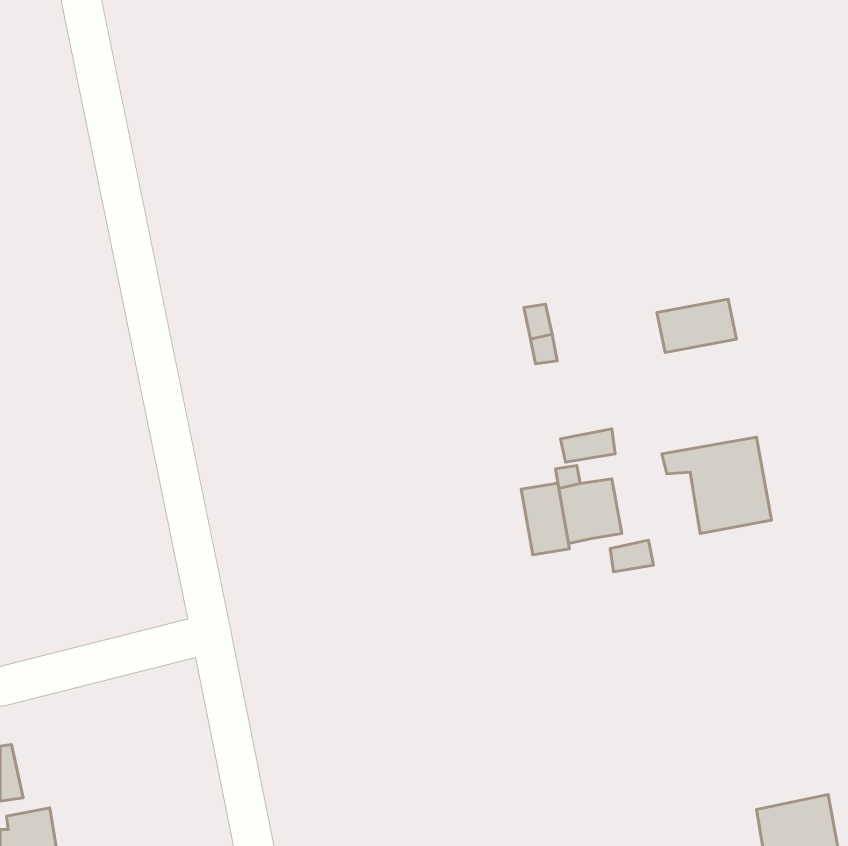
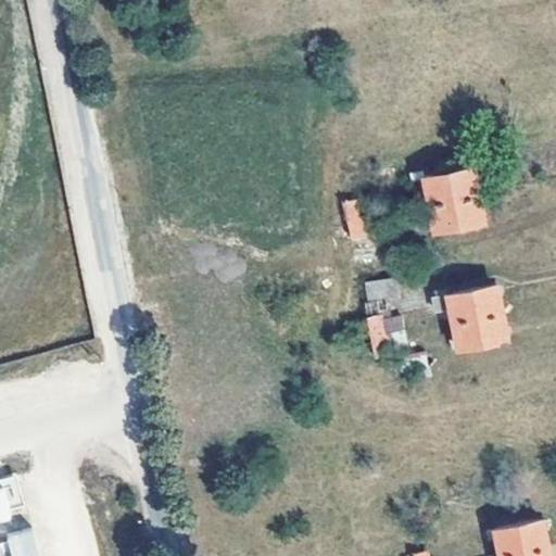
building: none -> [412,169,477,206]
building: [521,483,570,555] -> none

